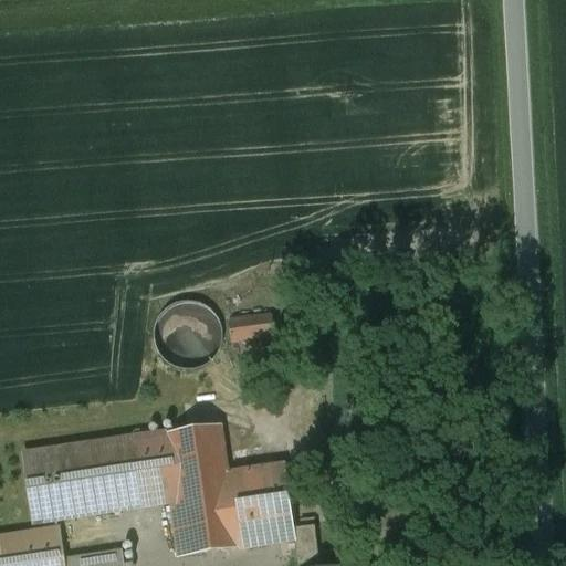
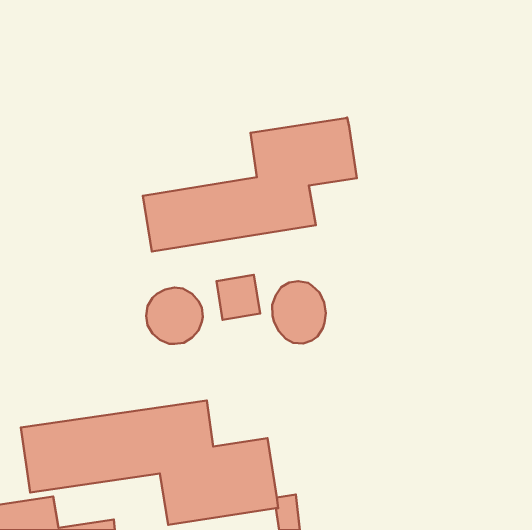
building: none -> [143,118,357,252]
building: none -> [272,281,326,343]

